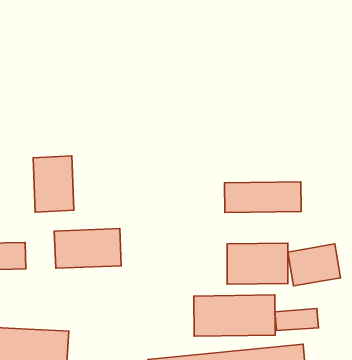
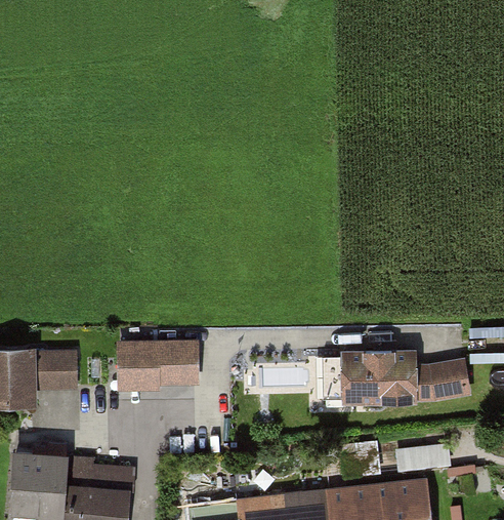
building: [33,156,74,212] -> none
building: [225,182,301,212] -> none
building: [194,295,275,336] -> none

